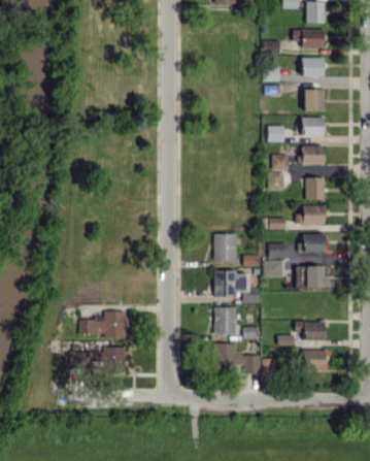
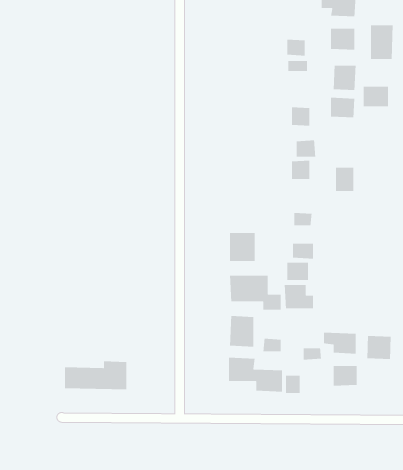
building: none -> [370,24,394,60]
building: [302,145,325,164] -> [363,86,389,107]
building: [296,205,326,224] -> none
building: [302,234,325,251] -> none
building: [305,265,331,287] -> [284,284,314,309]
building: [79,310,127,337] -> none
building: none -> [366,335,392,360]

